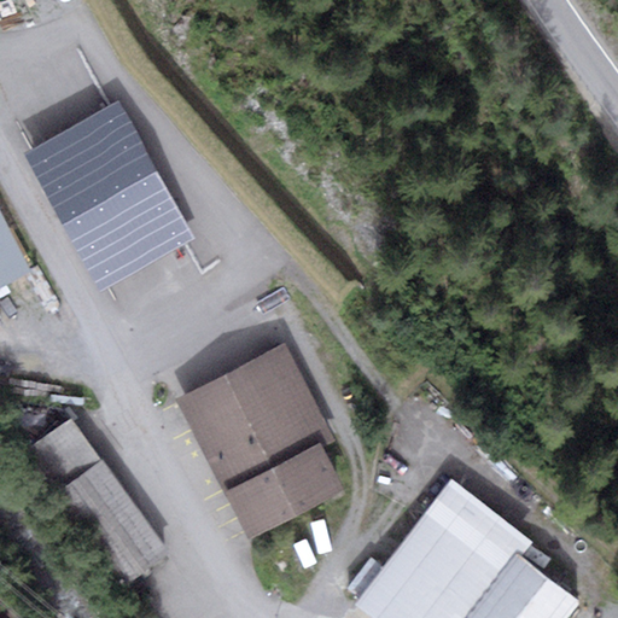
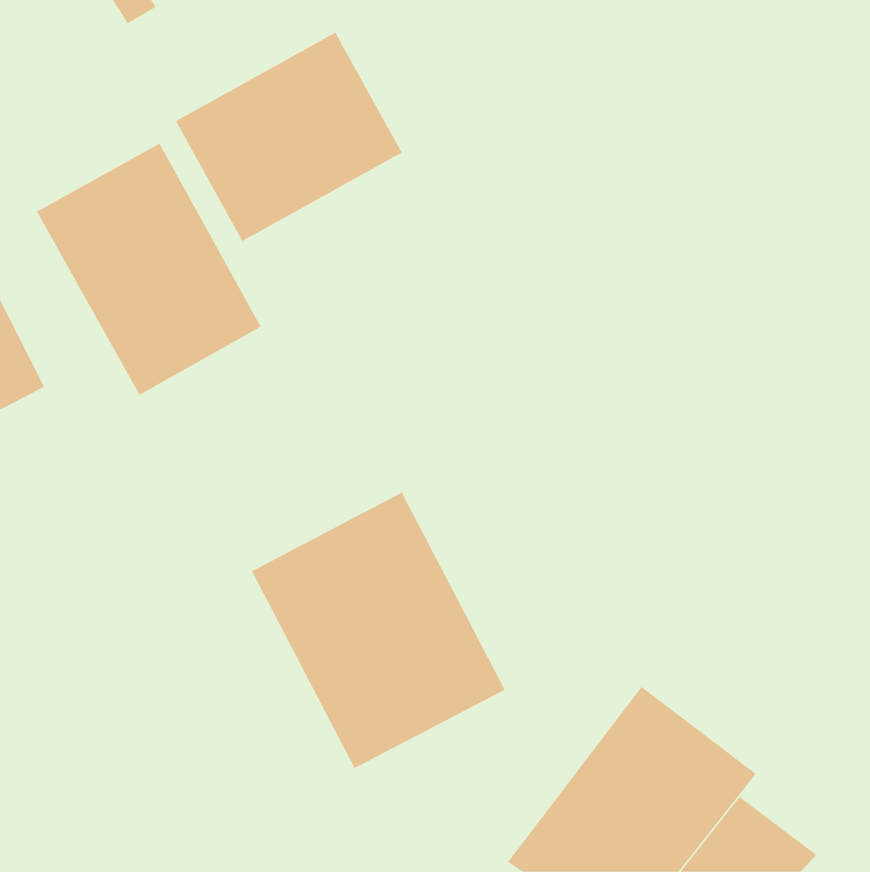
building: none -> [175,32,402,242]
building: [23,419,170,588] -> none

